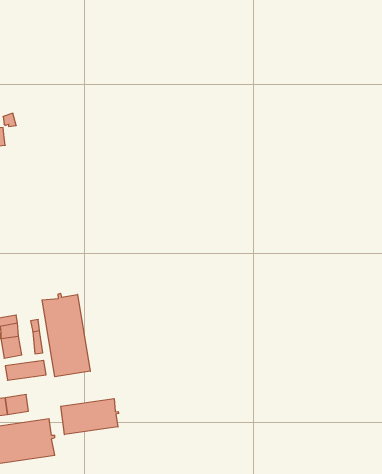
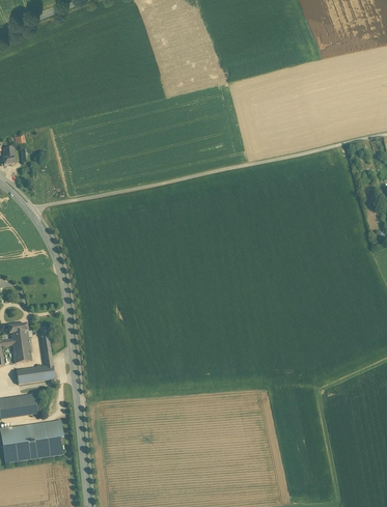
building: [42,293,90,377] -> none
building: [61,399,119,435] -> none

